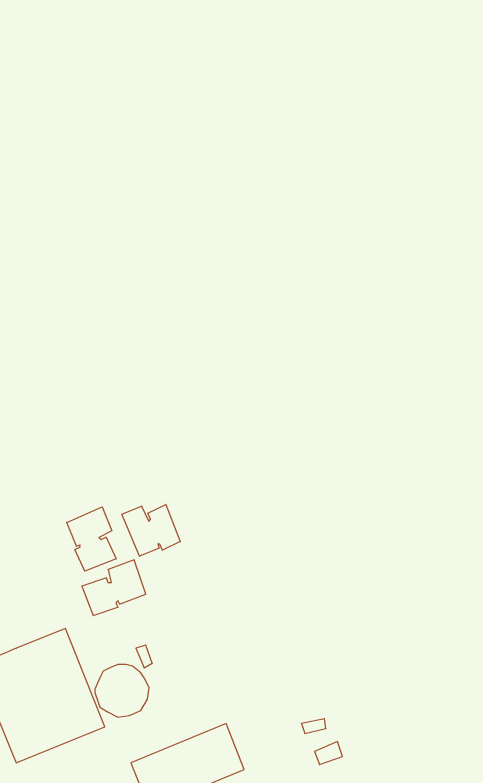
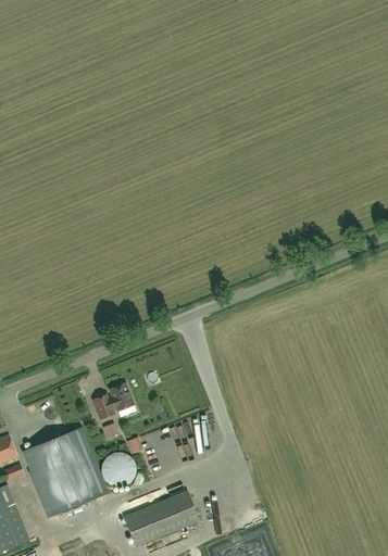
building: [122,504,180,556] -> none
building: [67,507,116,571] -> none

